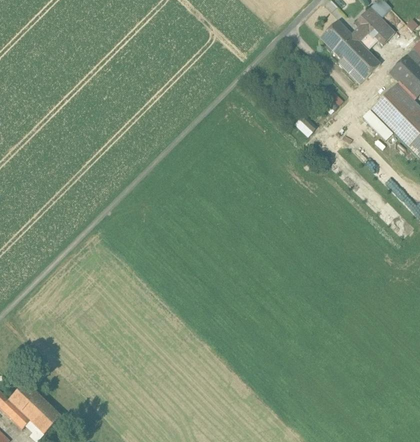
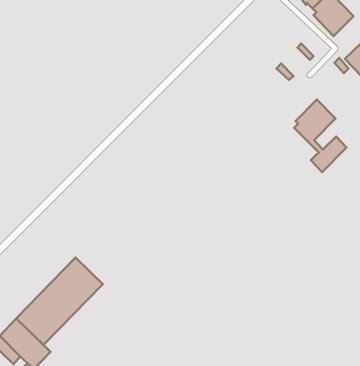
building: none -> [294,99,347,172]
building: none -> [16,258,103,345]

